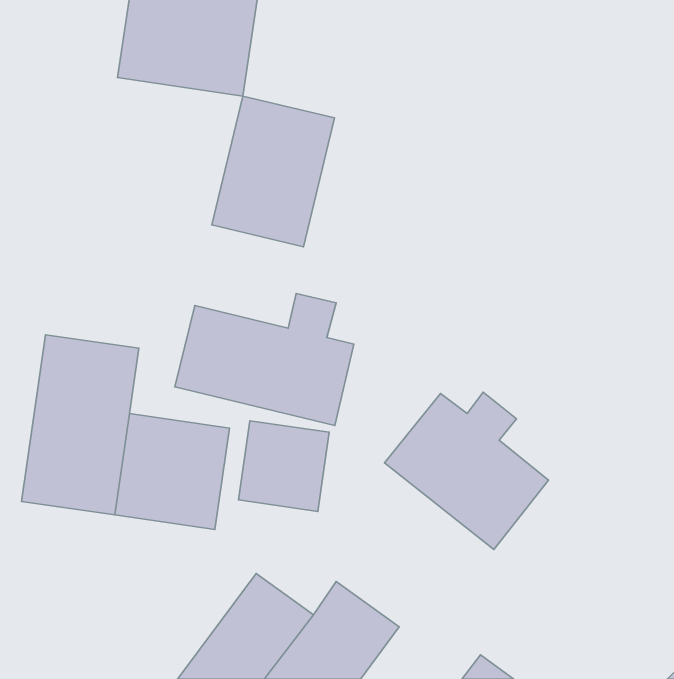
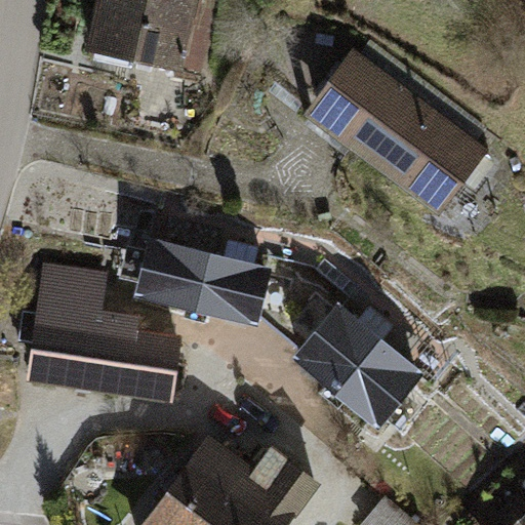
building: none -> [298,50,487,218]
building: [212,96,335,247] -> none
building: [239,421,329,511] -> none

